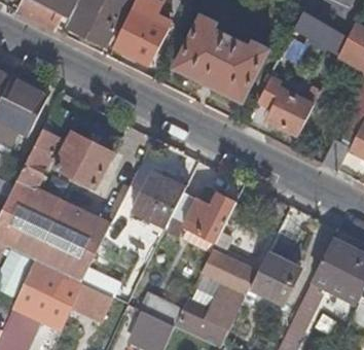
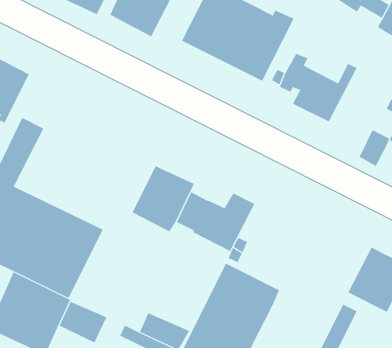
building: [54,131,113,187] -> none
building: [252,252,301,304] -> none

